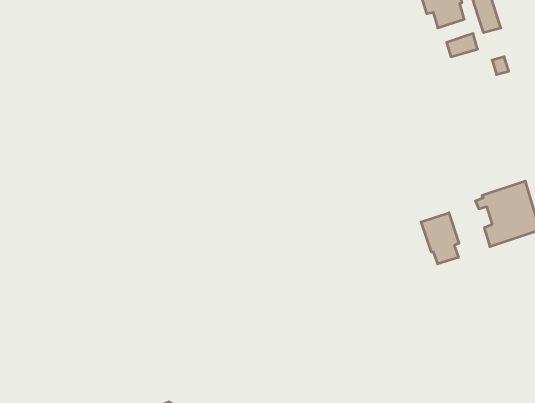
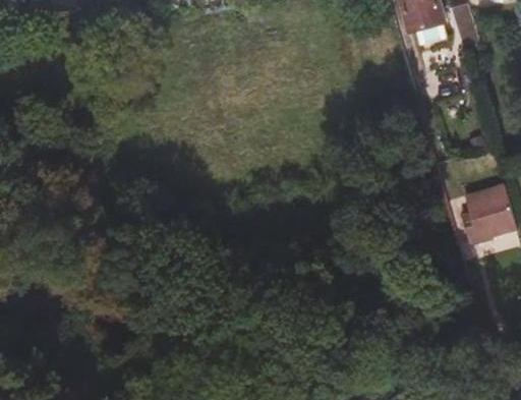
building: [421,213,459,264] -> none

